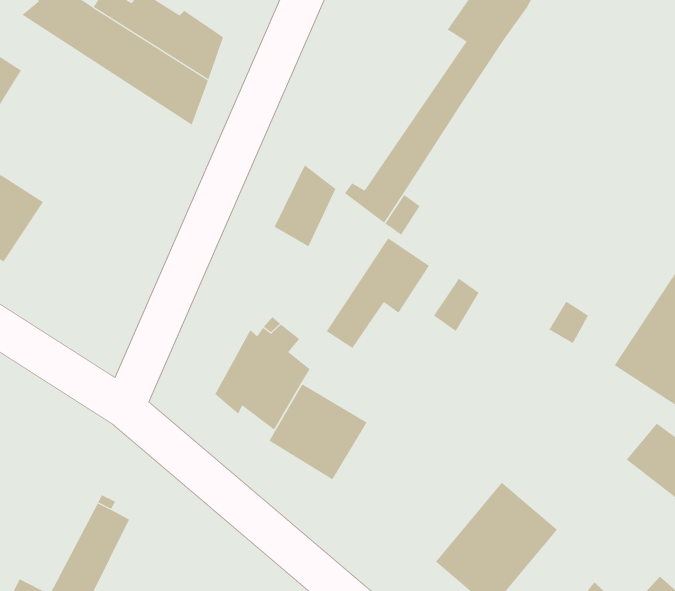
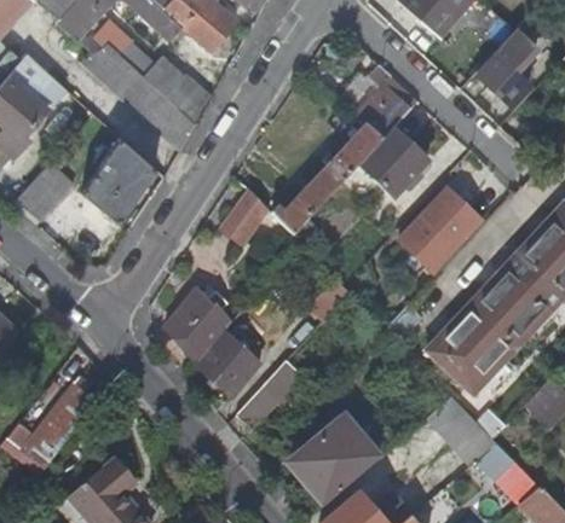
building: none -> [358,129,426,198]
building: none -> [398,190,480,273]
building: none -> [81,136,154,223]
building: [326,237,430,349] -> [236,360,311,429]

